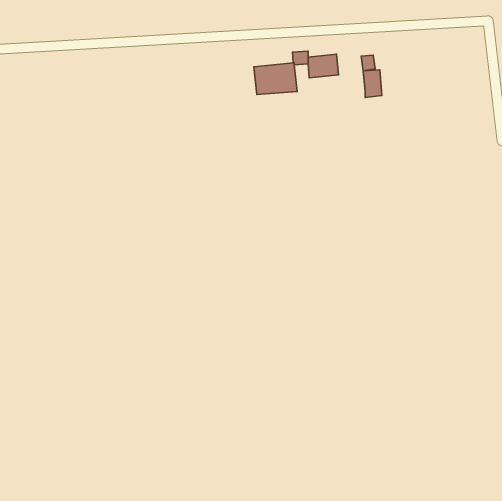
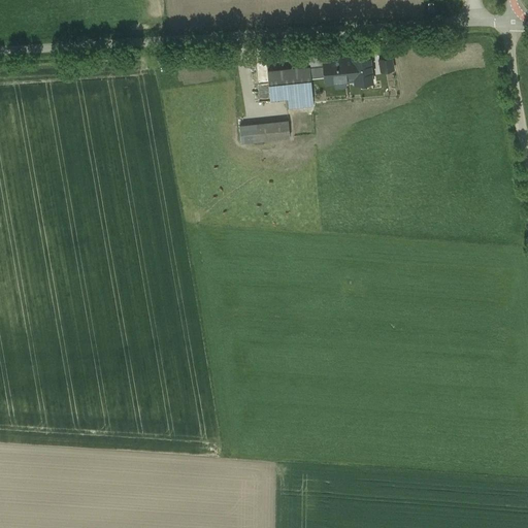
building: [363,70,382,97] -> [353,58,372,87]
building: none -> [250,122,289,142]

